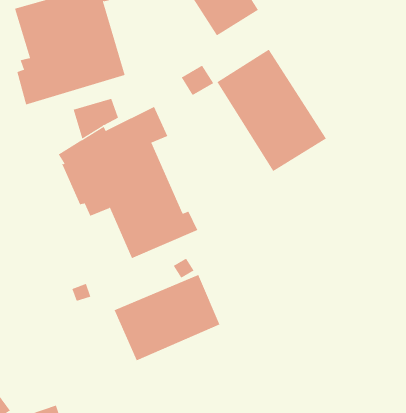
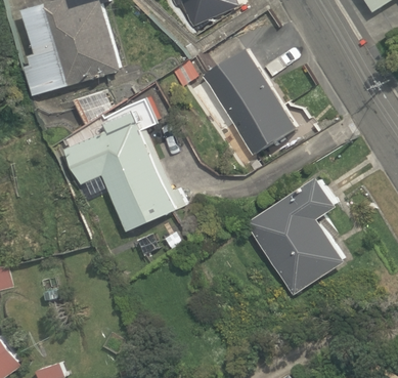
building: none -> [244,174,345,296]
building: [114,274,220,361] -> none

